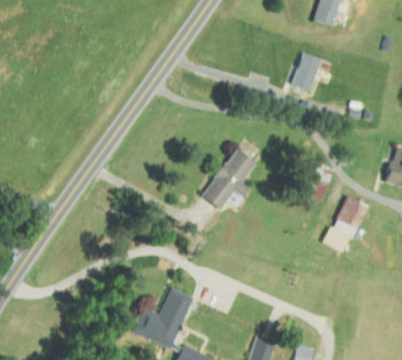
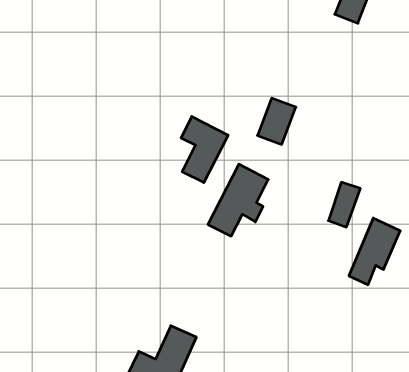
building: [292,52,325,92] -> [257,98,296,144]
building: none -> [181,116,228,183]

